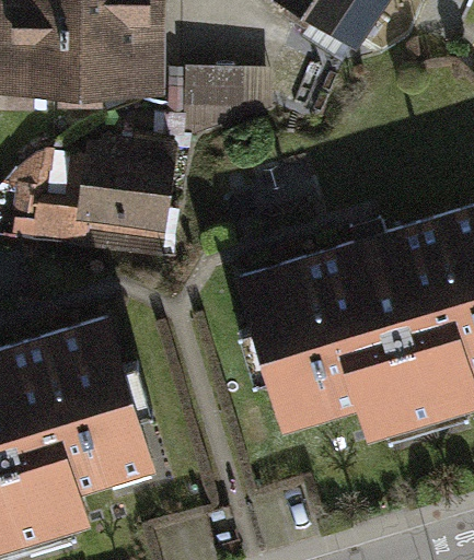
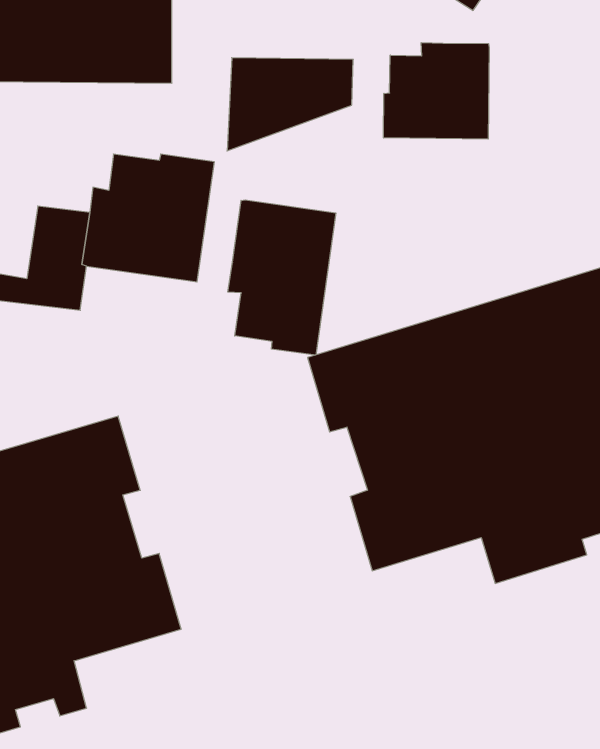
building: none -> [384,43,489,139]
building: none -> [228,200,336,355]

